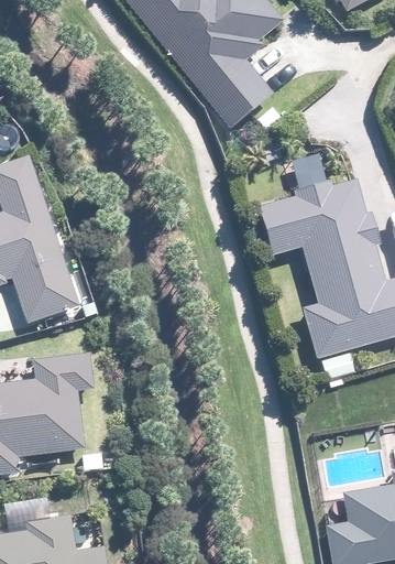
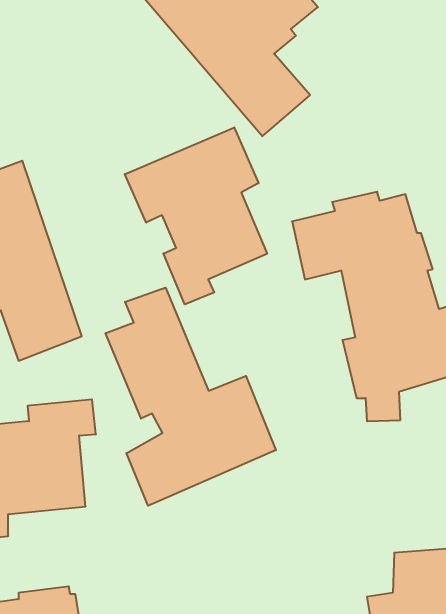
building: none -> [125,127,267,304]
building: none -> [106,288,276,506]

